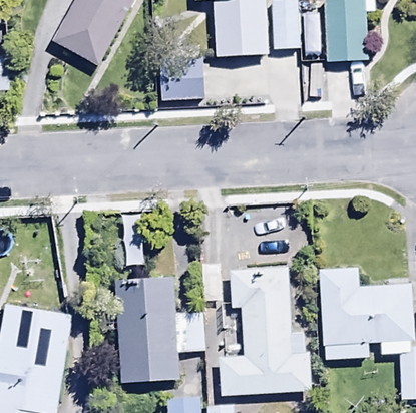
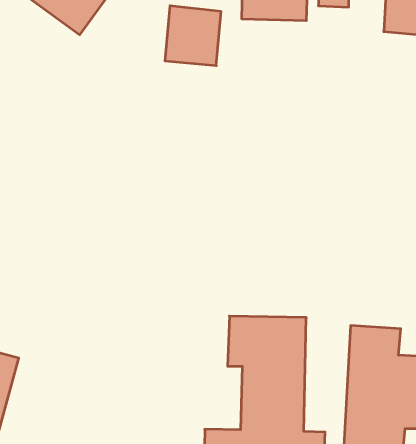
building: [114,262,179,369] -> none

